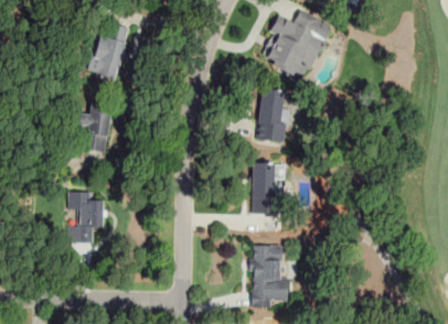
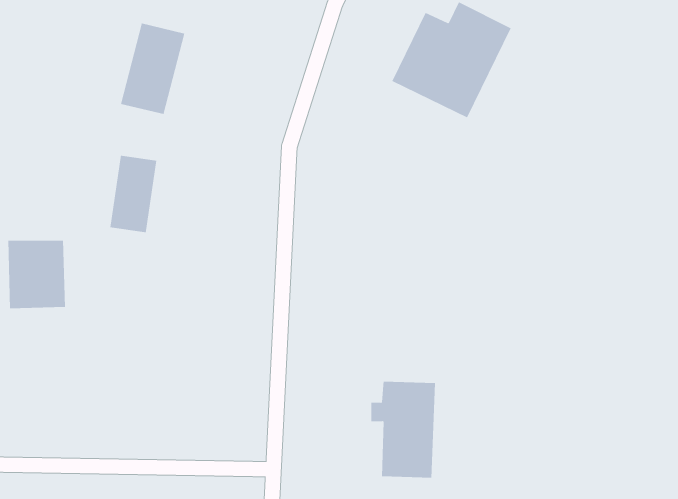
building: [257,88,287,142] -> none
building: [250,162,278,213] -> none
building: [66,201,103,244] -> [7,240,66,309]

